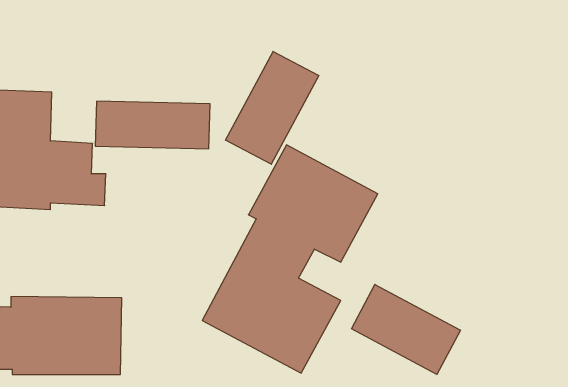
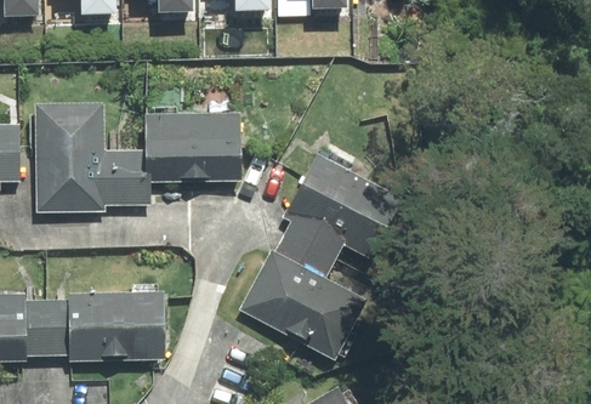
building: [226,51,319,164] -> none
building: [352,284,460,374] -> none

